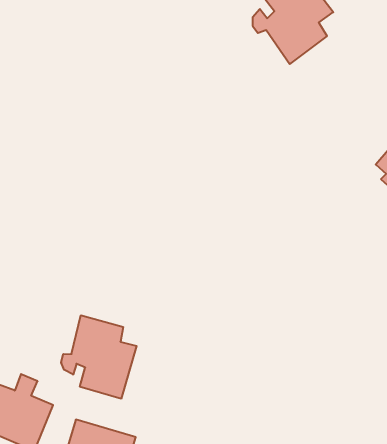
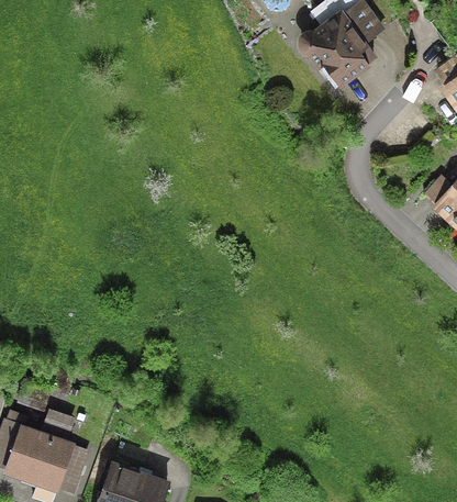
building: [61,315,137,399] -> none

